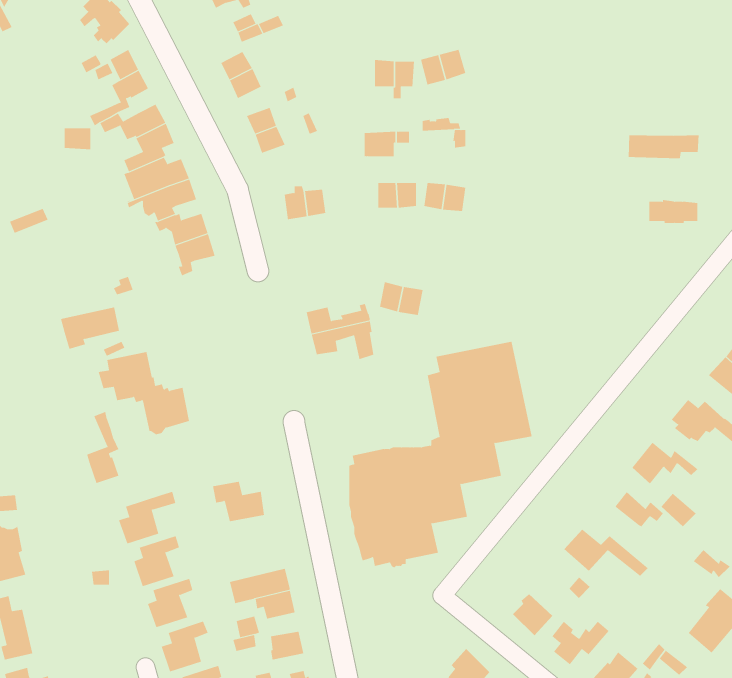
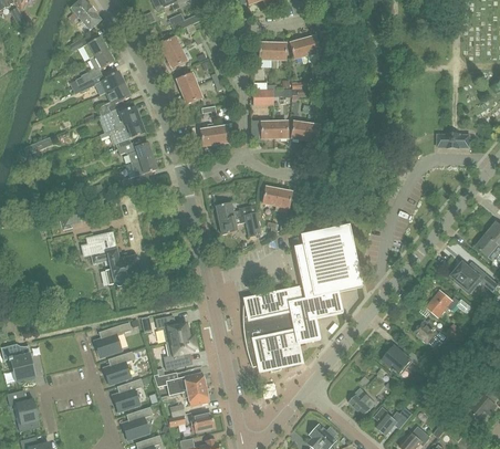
building: [620,134,699,159] -> none
building: [87,411,119,484] -> none
building: none -> [163,336,196,369]

